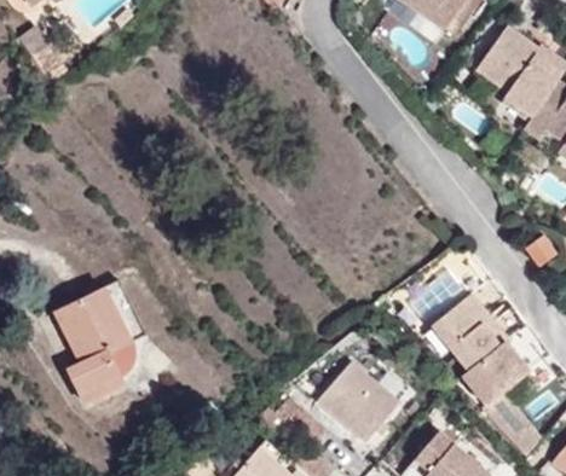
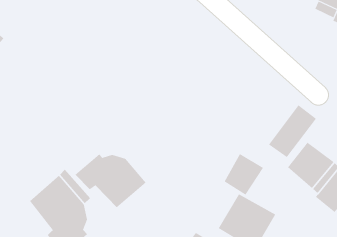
building: none -> [74,153,147,208]
building: none -> [224,153,264,196]

